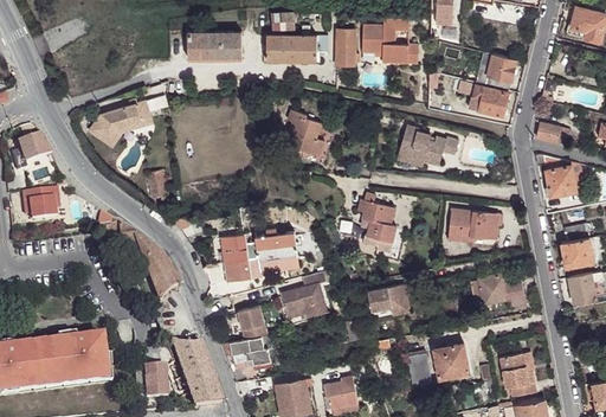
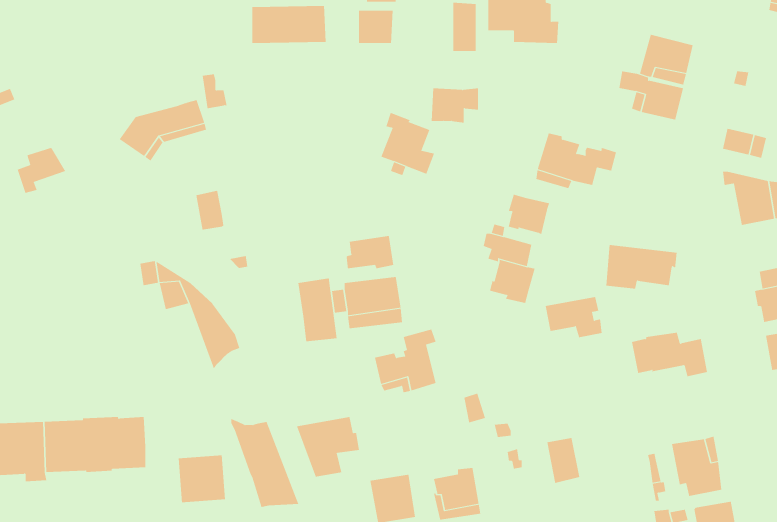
building: [291,36,327,62] -> [431,88,479,123]
building: none -> [508,194,550,235]
building: [22,188,57,220] -> none
building: none -> [346,235,394,269]
building: [367,284,410,315] -> [545,296,602,338]
building: [237,308,264,339] -> none
building: [432,344,469,379] -> none

